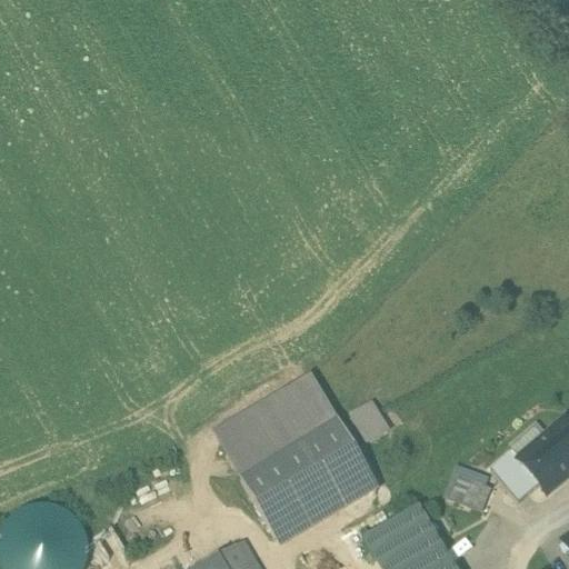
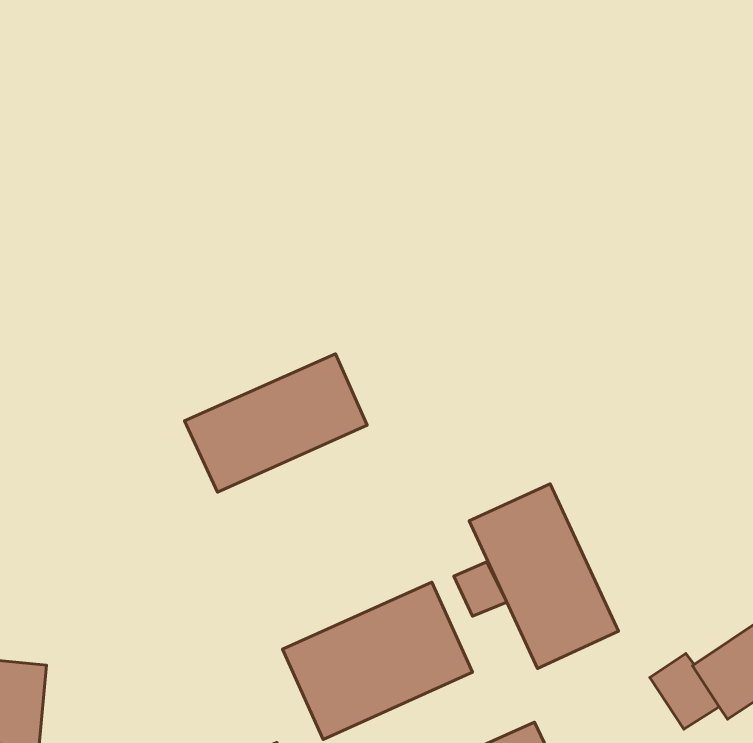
building: none -> [469,484,618,668]
building: [216,376,339,478] -> [185,354,367,492]
building: [456,477,492,509] -> none

